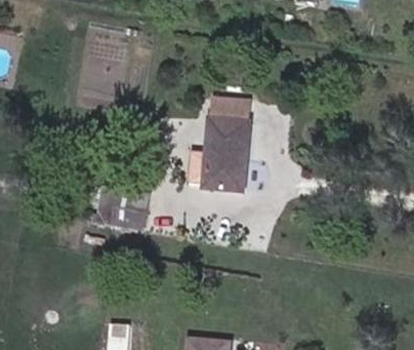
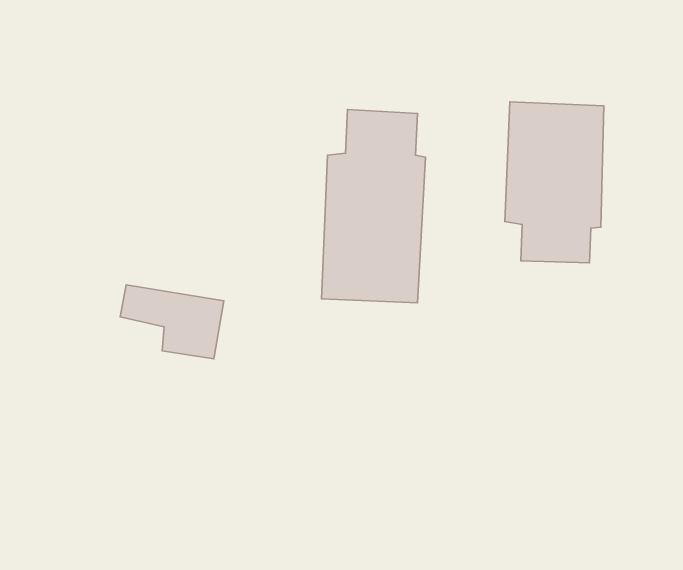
building: none -> [505,102,604,263]

